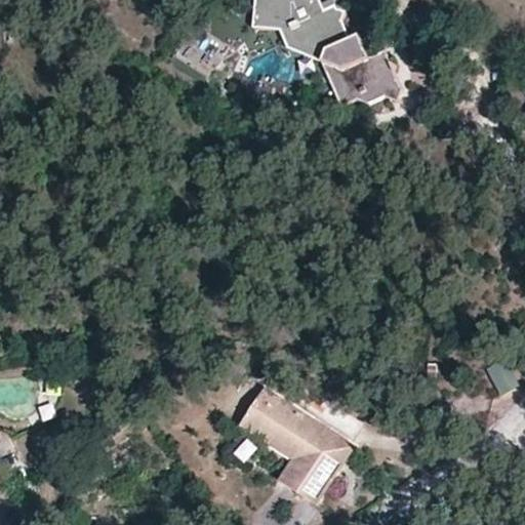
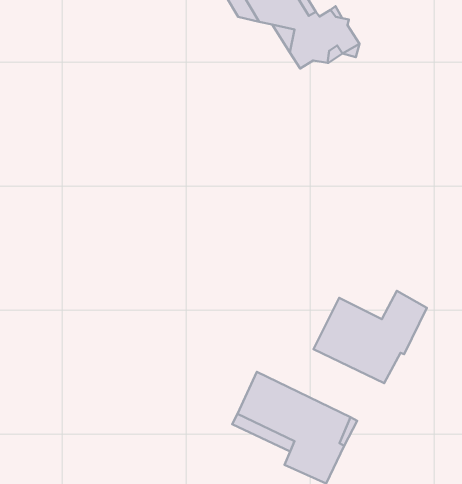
building: none -> [314,291,427,383]

